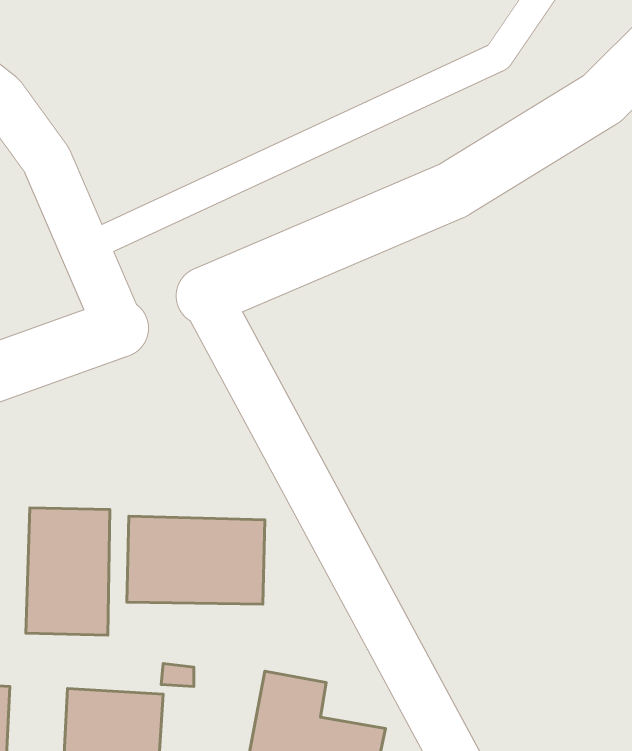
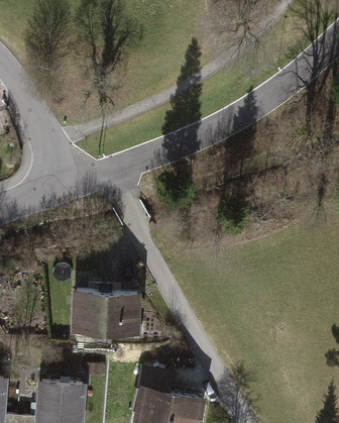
building: [26,508,110,635] -> none

